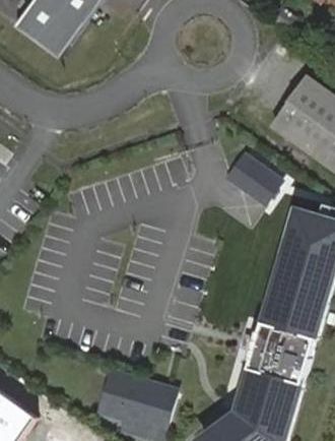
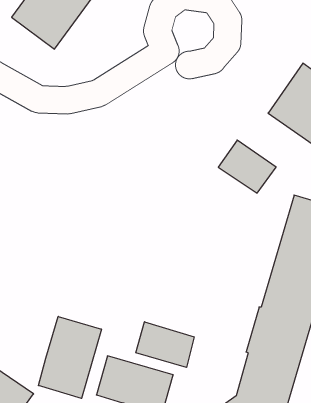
building: none -> [38,316,101,398]
building: none -> [136,322,194,367]

